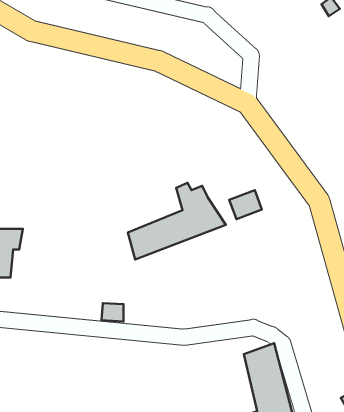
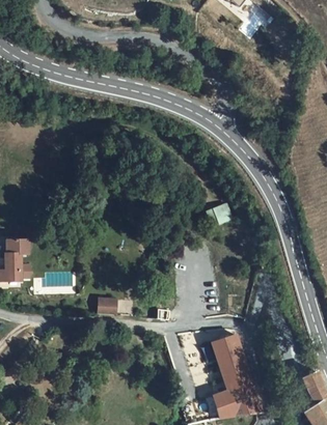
building: [128,183,226,259] -> none

